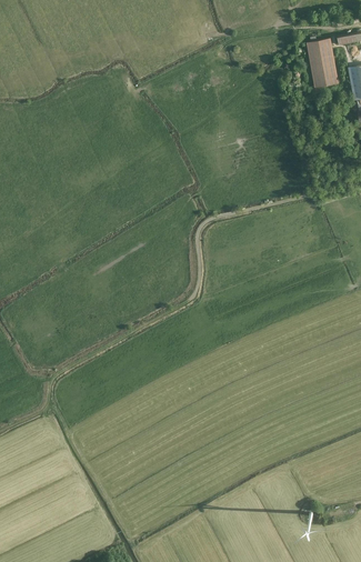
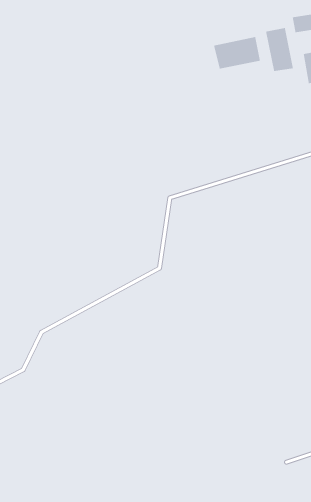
building: none -> [213,36,261,70]

